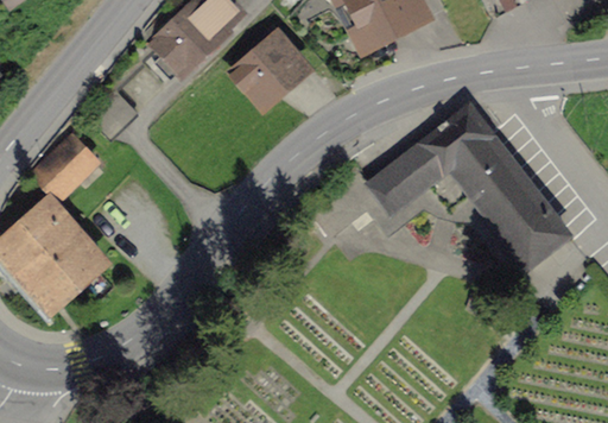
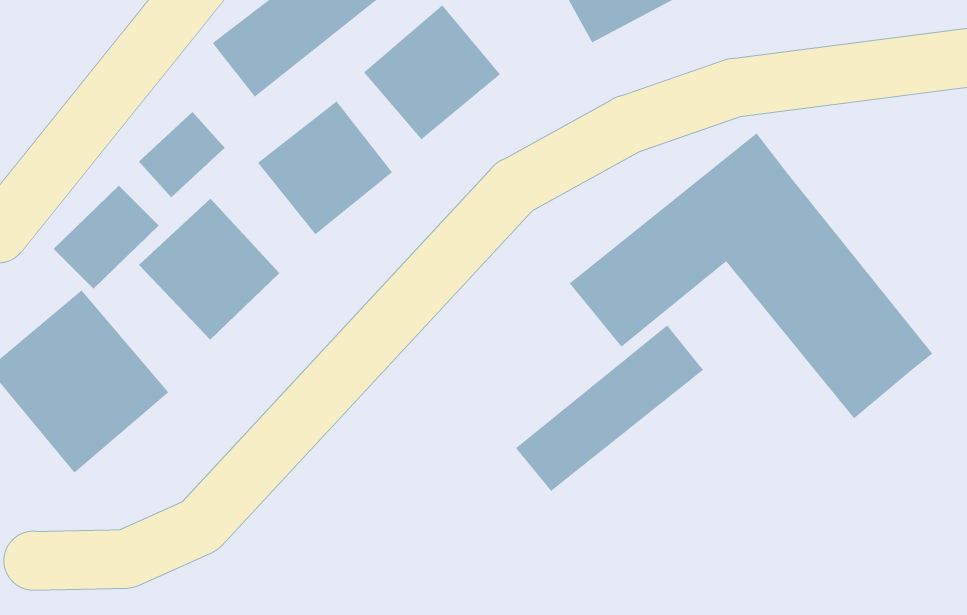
building: none -> [257,100,393,235]
building: none -> [138,198,280,341]
building: none -> [515,324,704,492]

